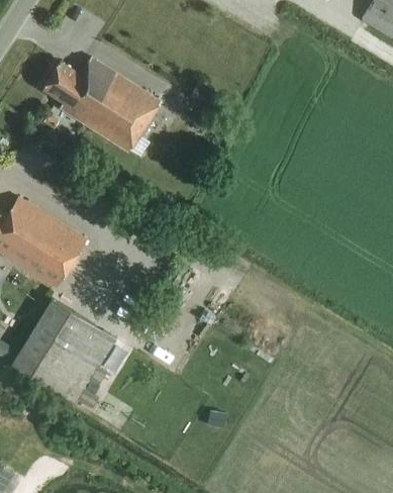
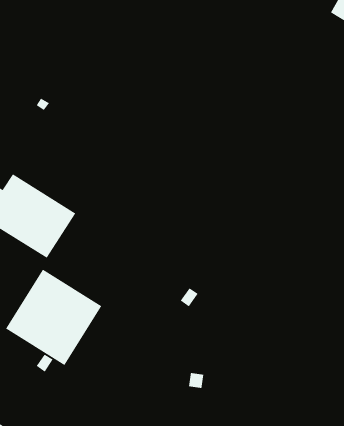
building: [44,57,163,157] -> none

